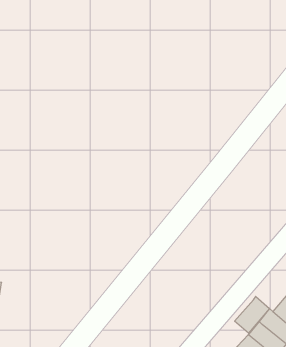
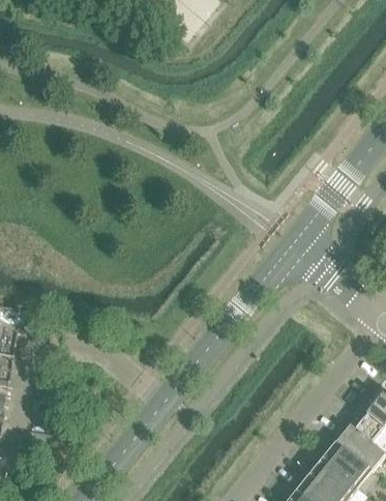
building: [235,296,270,333] -> none

